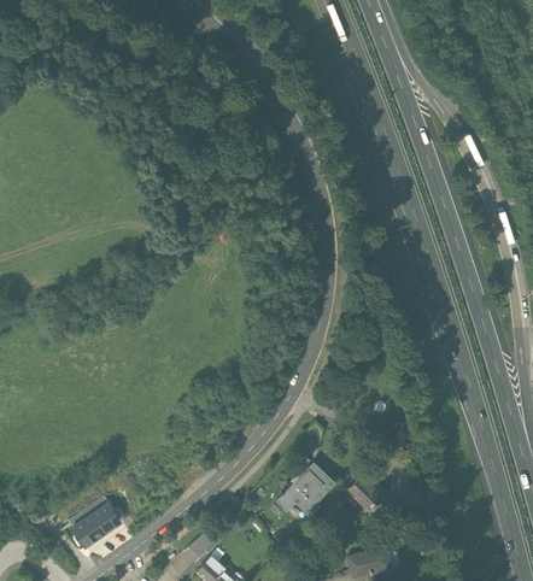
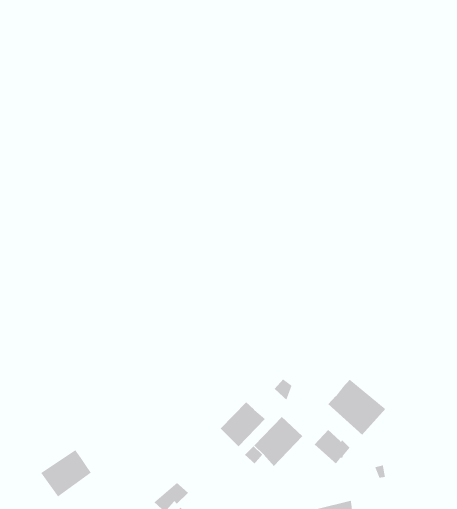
building: none -> [327,379,386,436]
building: none -> [220,401,266,447]

